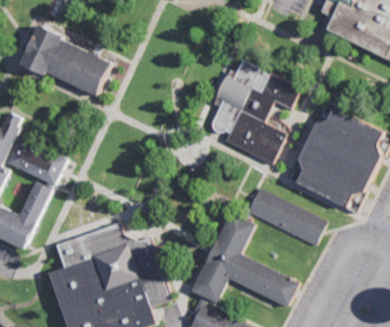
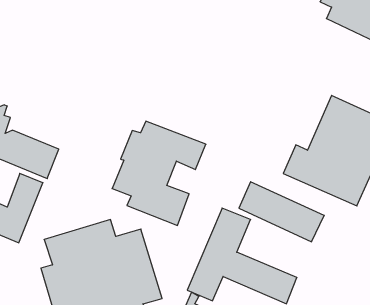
building: [25,22,115,94] -> none
building: [207,62,297,163] -> [112,121,206,225]

